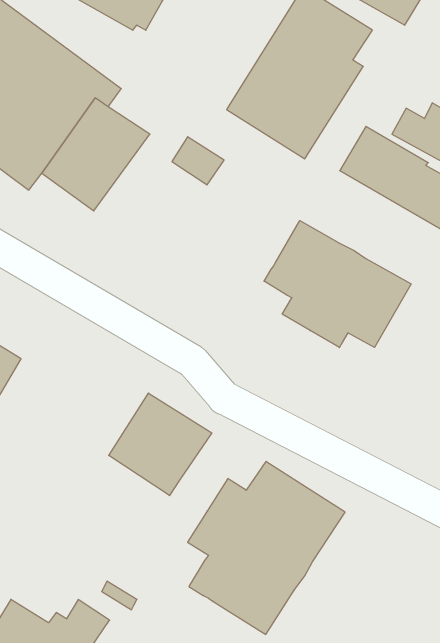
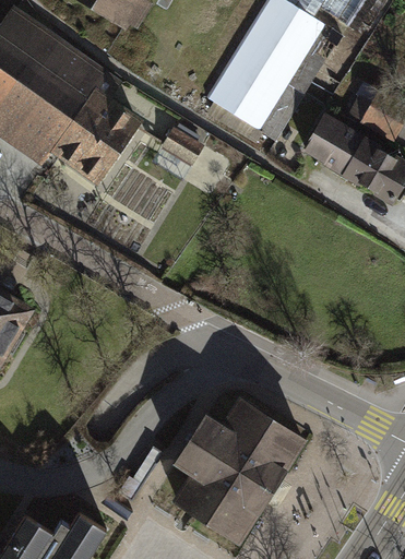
building: [264,221,411,348] -> none
building: [109,393,212,496] -> none

